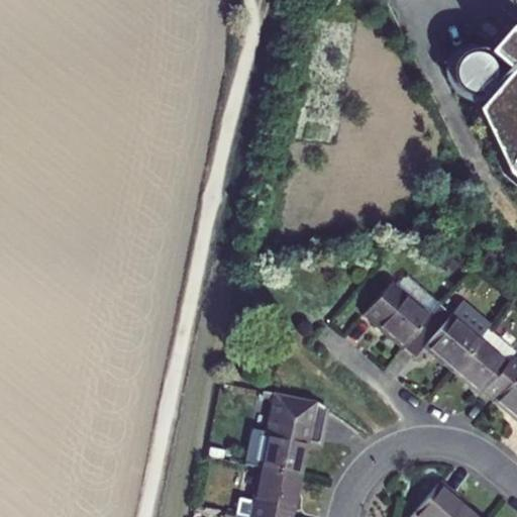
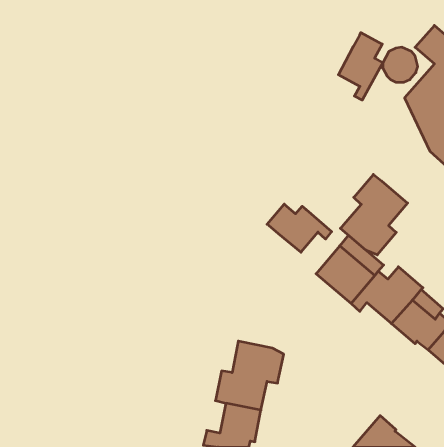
building: none -> [338,33,383,100]
building: none -> [340,174,408,255]
building: none -> [267,204,332,252]

